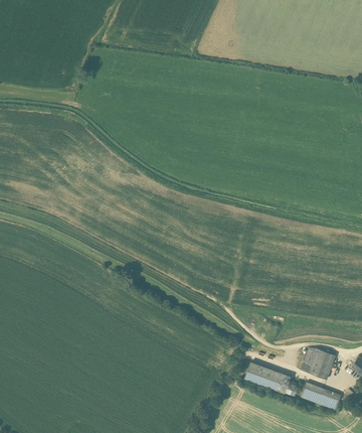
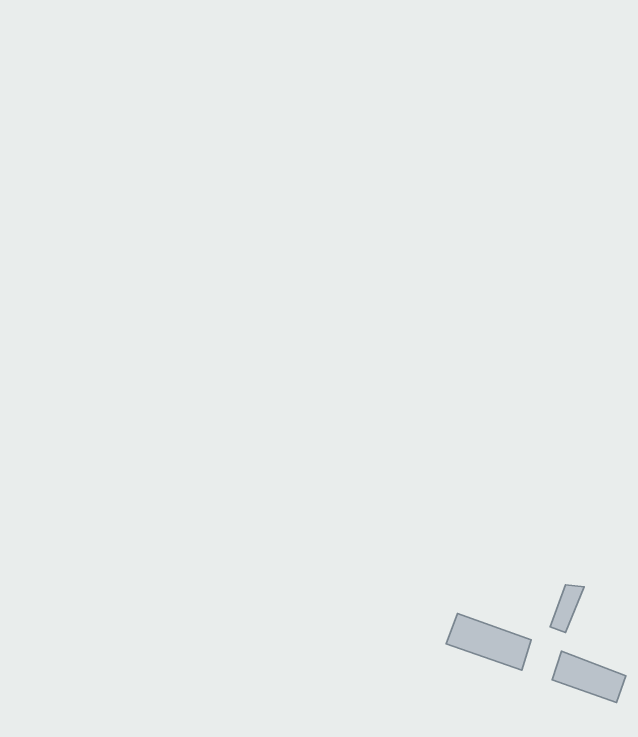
building: [309,347,337,379] -> none

